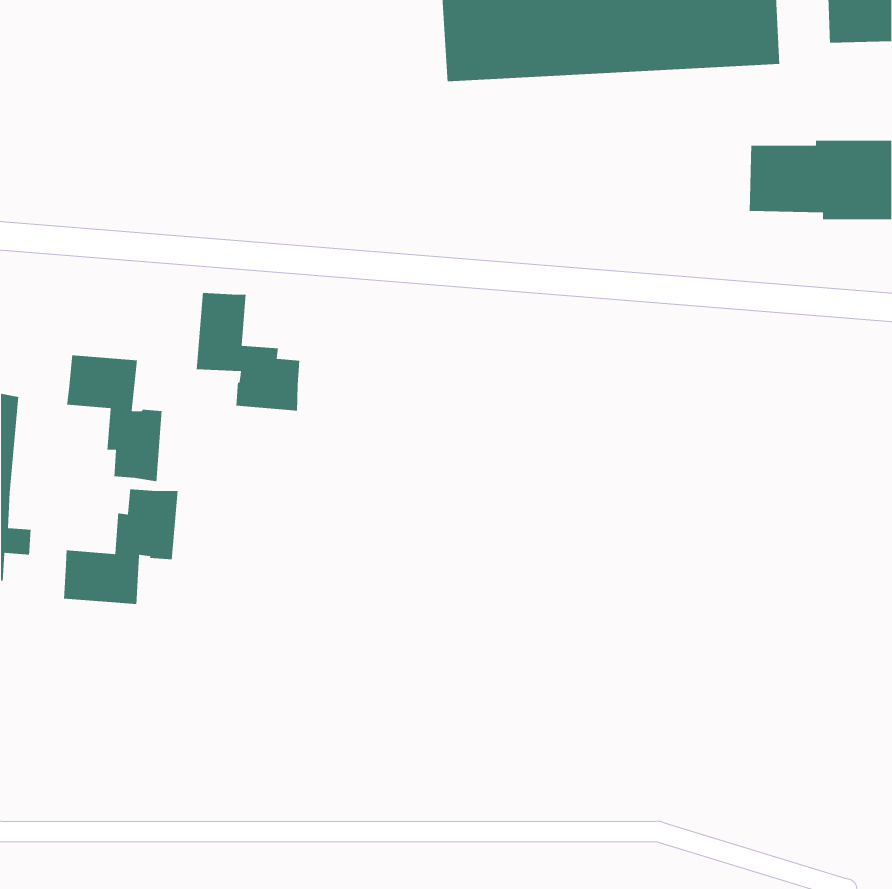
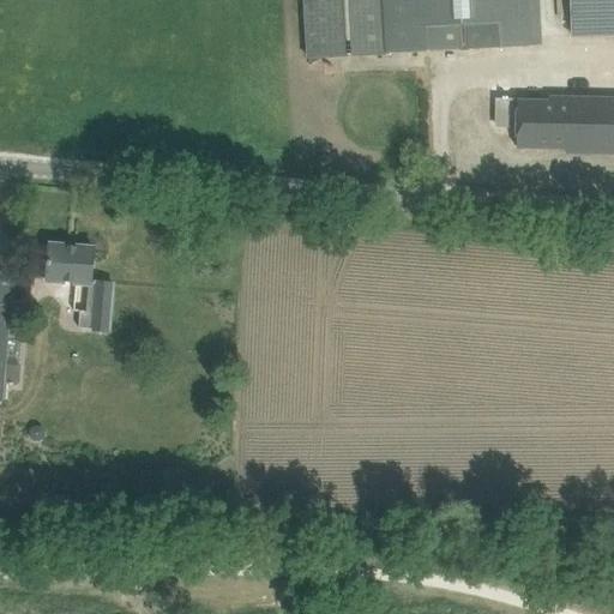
building: [196,292,300,412] -> none
building: [63,489,179,605] -> none

